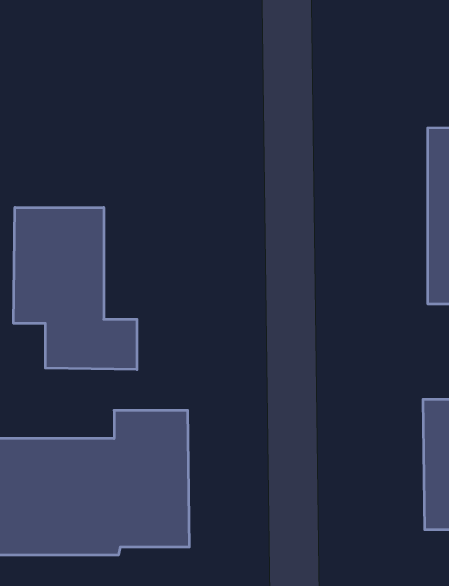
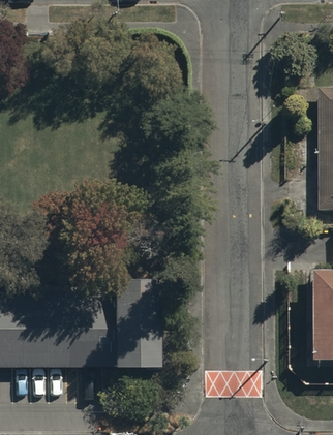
building: [14,207,137,370] -> none

